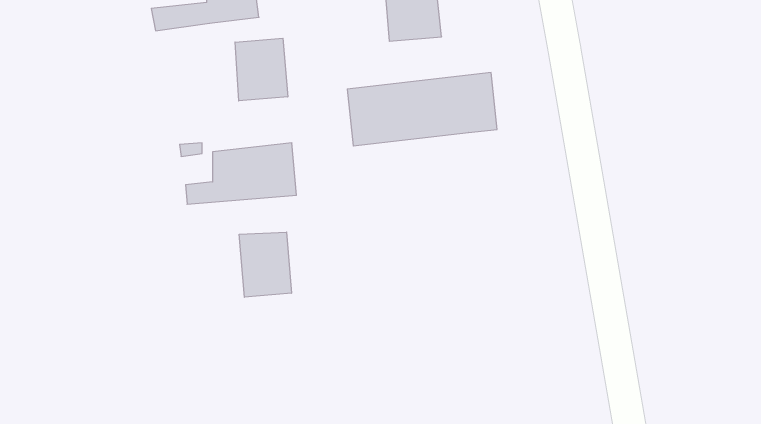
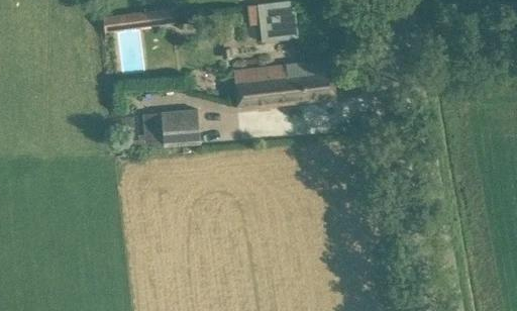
building: [235,38,288,101] -> none
building: [239,232,291,297] -> none

